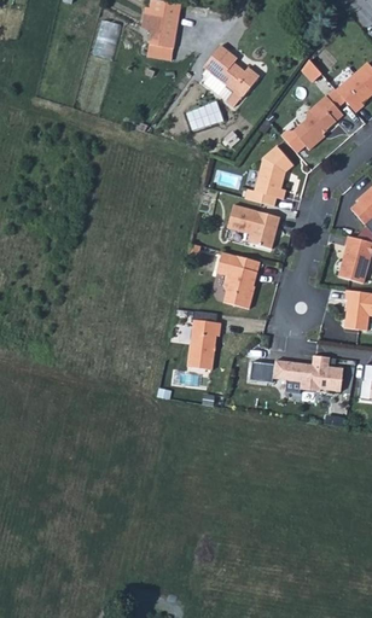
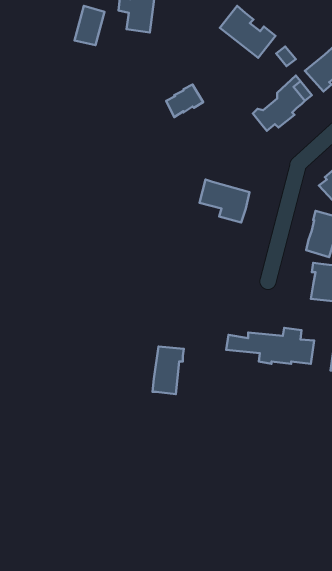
building: [205,43,263,98] -> [220,6,275,58]
building: [243,144,292,204] -> none
building: [214,249,258,307] -> none
building: [186,317,219,367] -> [153,347,184,394]

